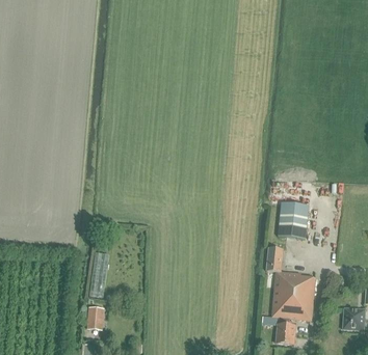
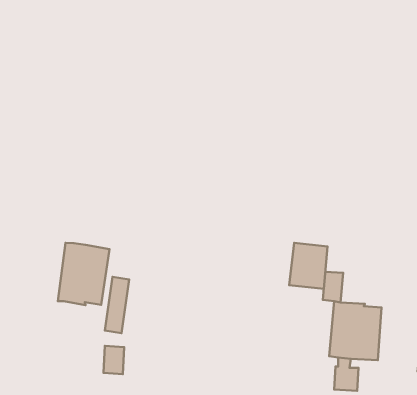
building: [277,201,308,239] -> [289,243,328,289]
building: none -> [58,243,110,305]

